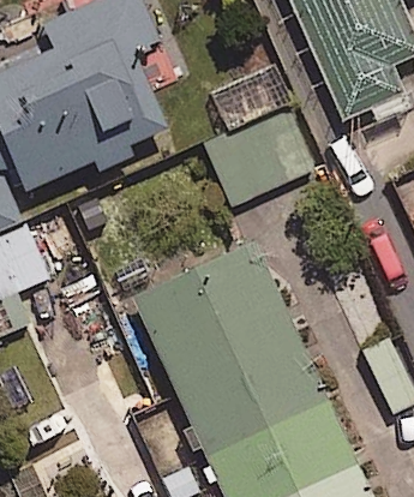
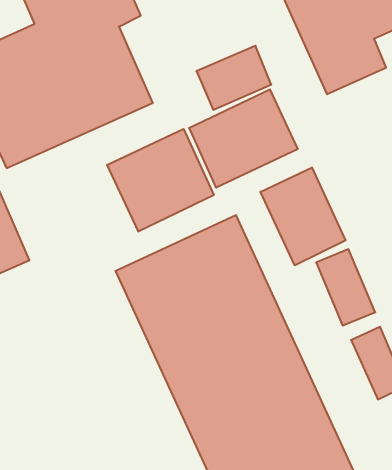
building: none -> [107,129,214,232]
building: none -> [260,167,346,265]

